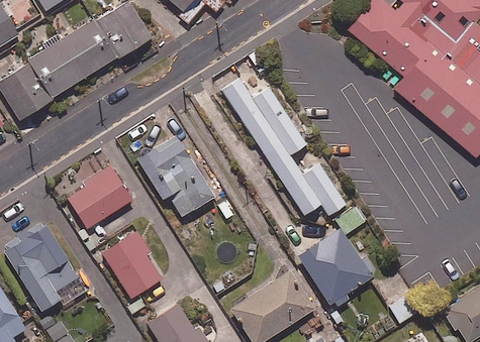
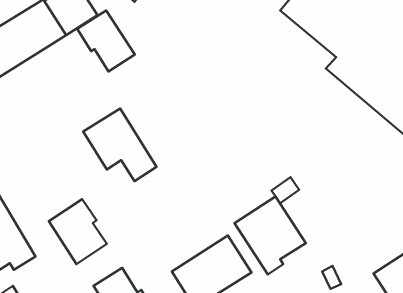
building: none -> [77,10,135,71]
building: [221,77,347,215] -> none
building: [67,165,132,229] -> none

